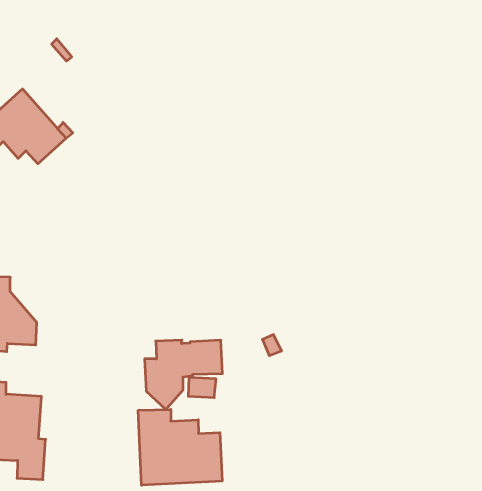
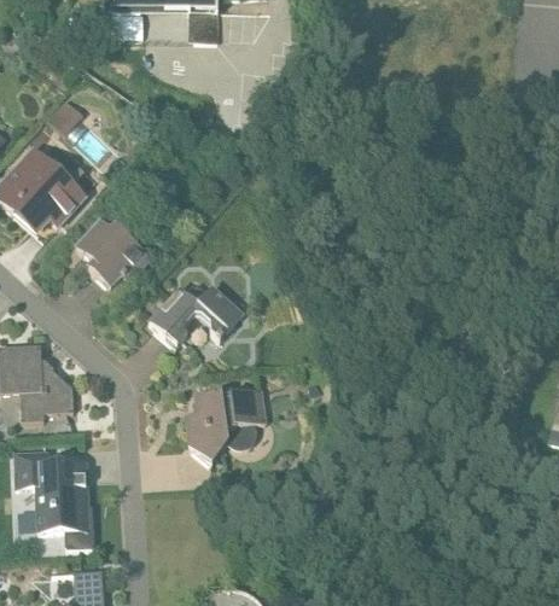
building: none -> [76,221,149,287]
building: none -> [149,284,241,346]
building: [138,409,222,485] -> none

